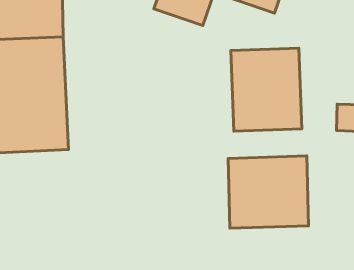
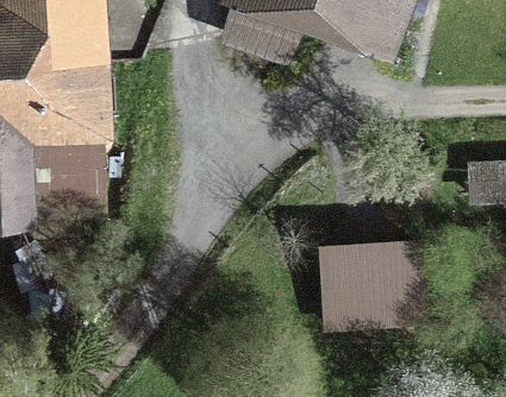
building: [231,48,302,131] -> none

